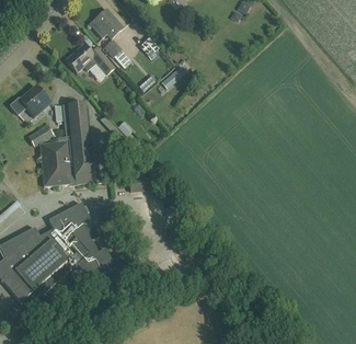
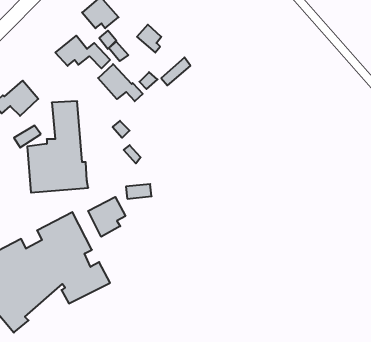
building: none -> [98,64,143,101]
building: none -> [88,197,125,237]

